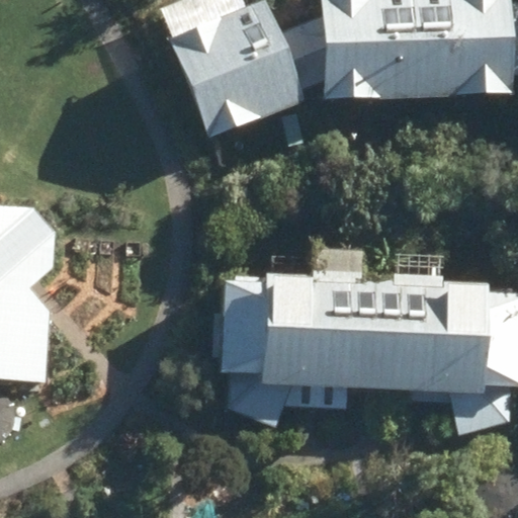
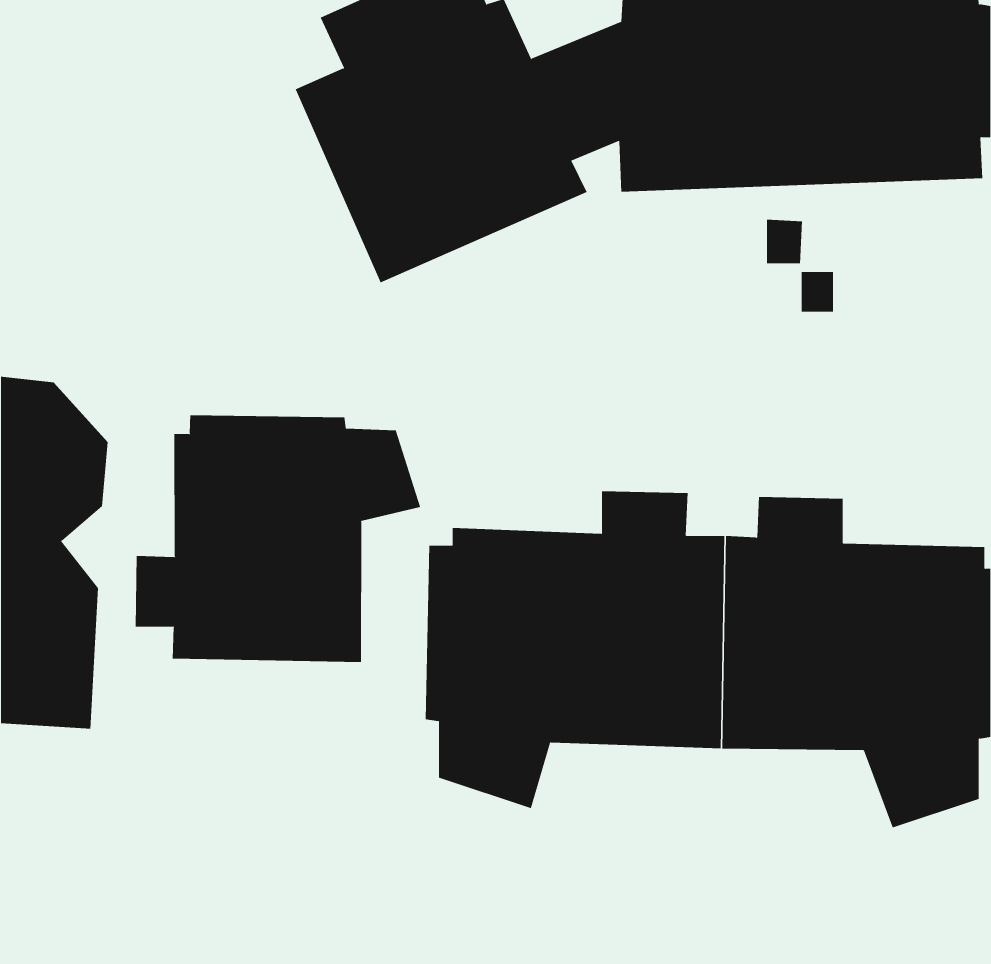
building: none -> [135,414,421,663]

